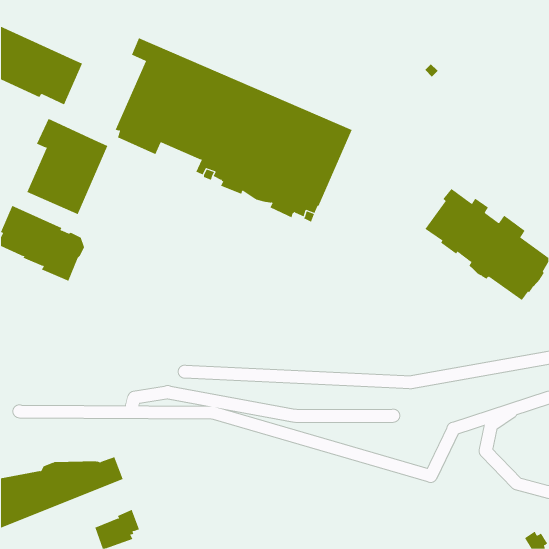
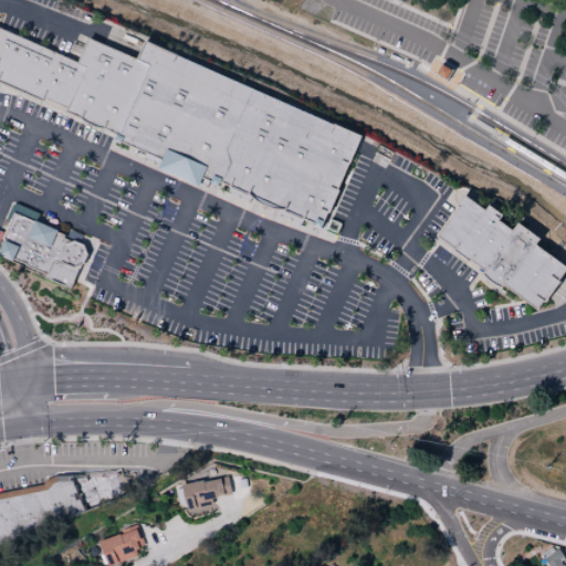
building: [27,118,108,215] -> [65,34,149,134]
building: none -> [156,147,207,186]
building: none -> [181,476,231,510]

